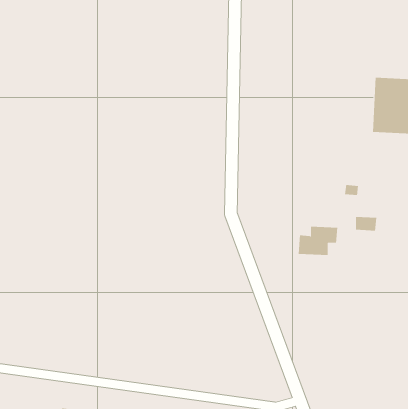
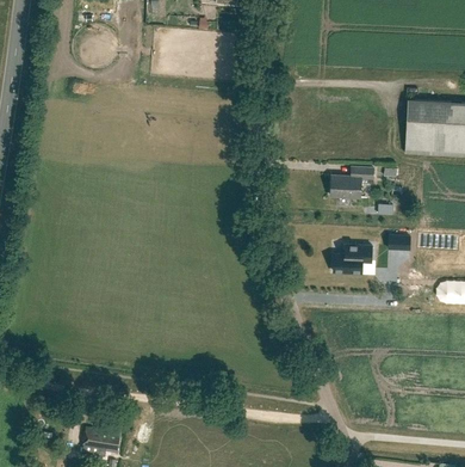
building: none -> [331,167,373,198]

